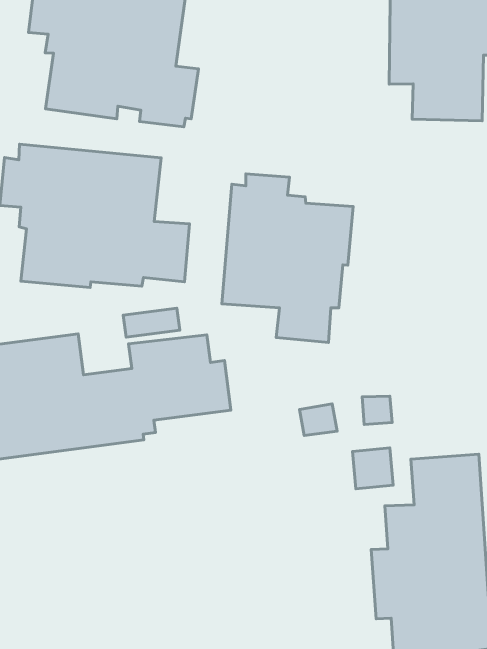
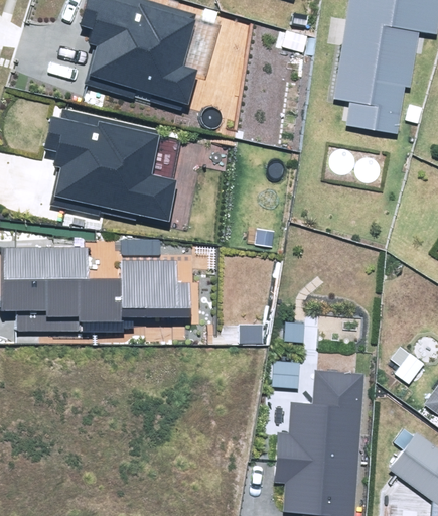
building: [222,174,353,343] -> none

